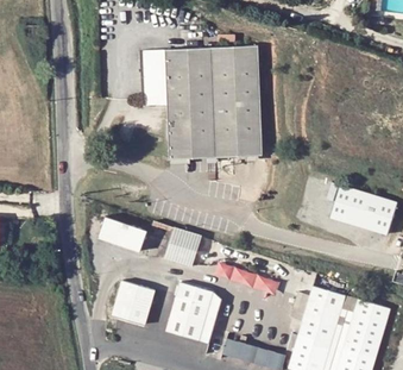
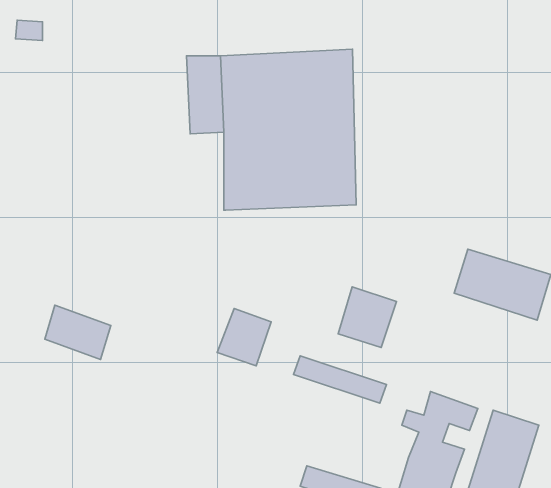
building: none -> [338,287,397,348]
building: [100,217,146,255] -> [45,305,111,359]
building: [112,278,157,324] -> none
building: [165,280,215,339] -> none

